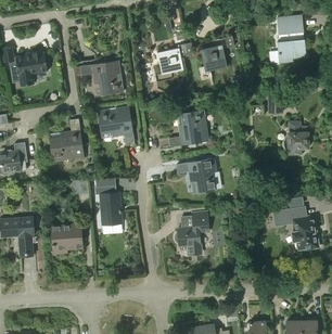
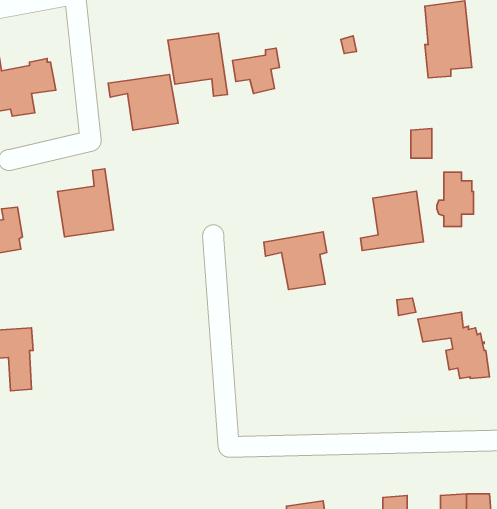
building: [201,44,227,72] -> none
building: [98,105,135,144] -> [168,33,227,96]
building: [169,108,208,145] -> [361,191,423,251]
building: [95,184,122,223] -> none
building: [175,216,208,255] -> none
building: [52,222,82,253] -> none

